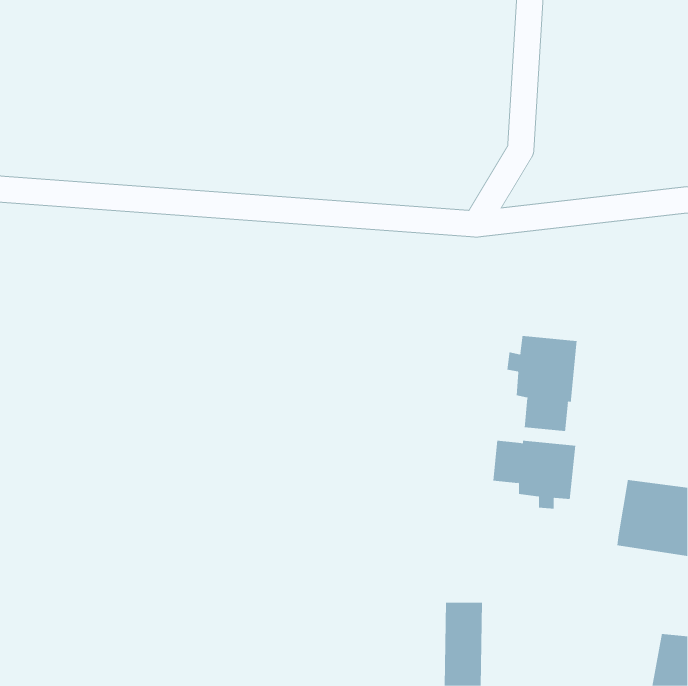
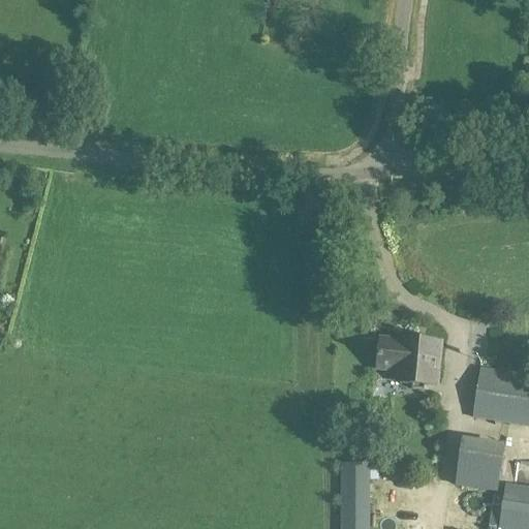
building: [507,335,577,432] -> none
building: none -> [455,435,505,491]

